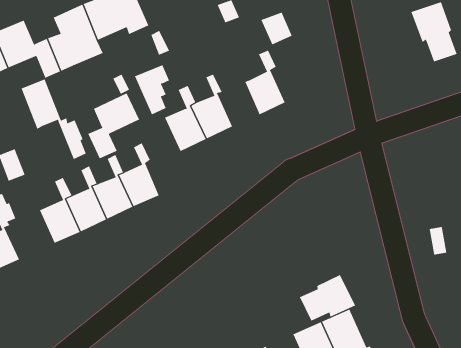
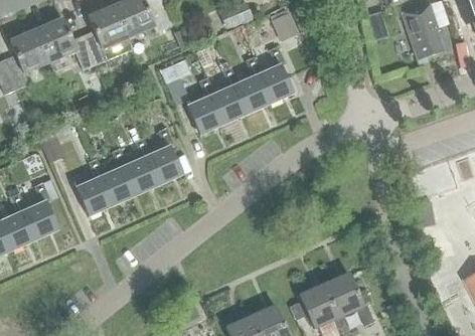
building: none -> [232,55,269,113]
building: [21,78,87,160] -> none
building: [87,92,140,159] -> none
building: [299,274,356,322] -> none

